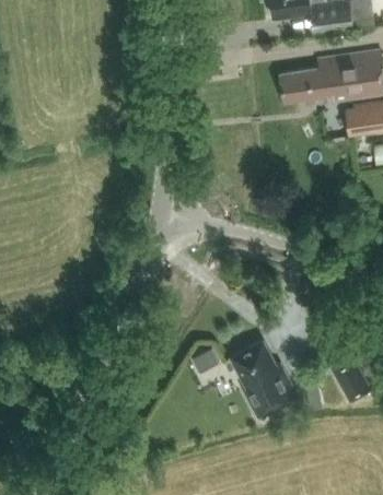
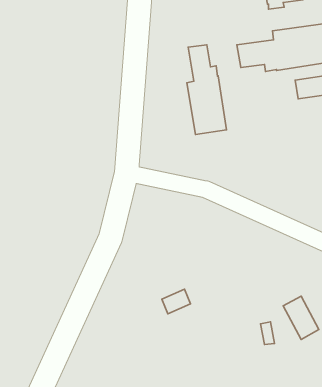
building: none -> [187,45,227,134]
building: [232,340,299,416] -> none

